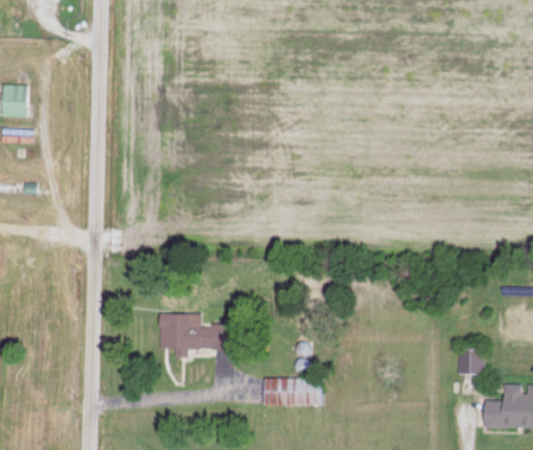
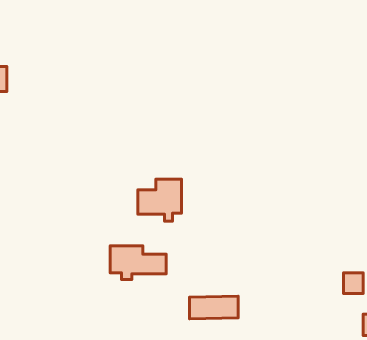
building: none -> [138,179,181,221]

